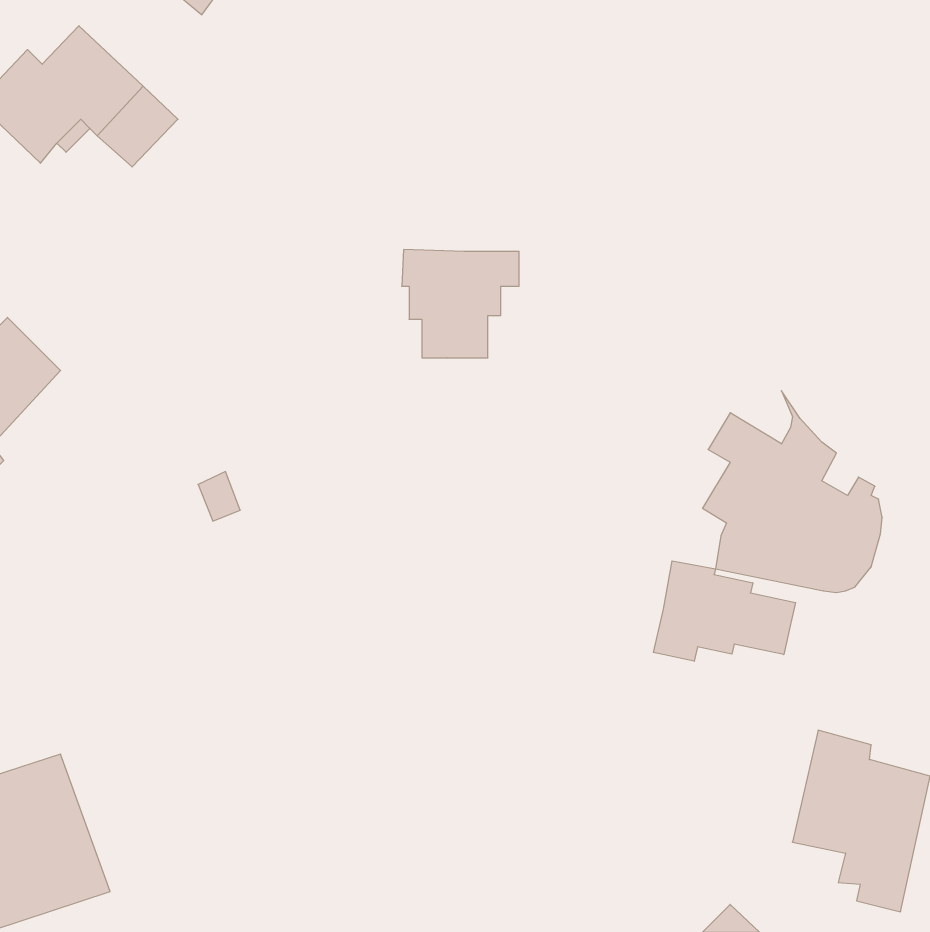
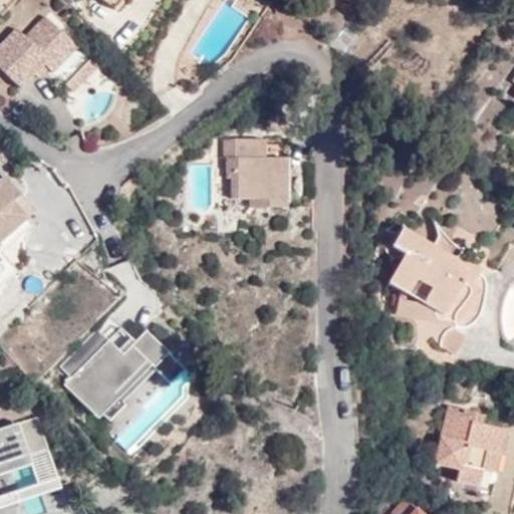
building: none -> [245,157,284,207]
building: [653,561,796,661] -> none
building: none -> [61,324,180,433]

